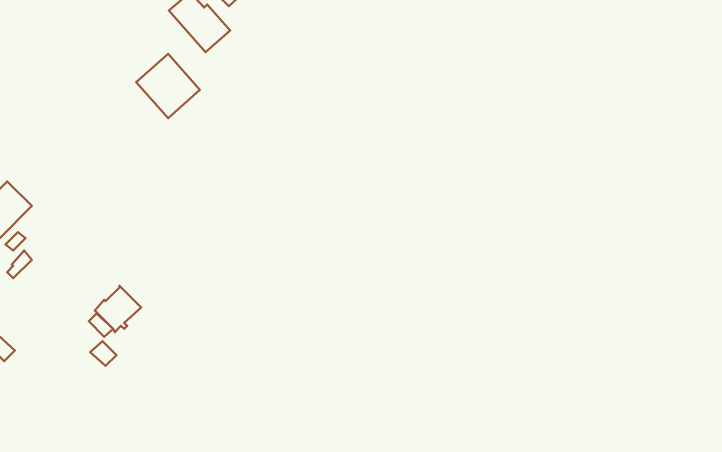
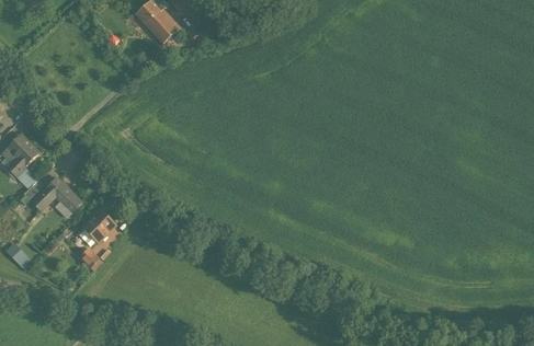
building: [136,54,200,118] -> none
building: none -> [32,178,82,214]

